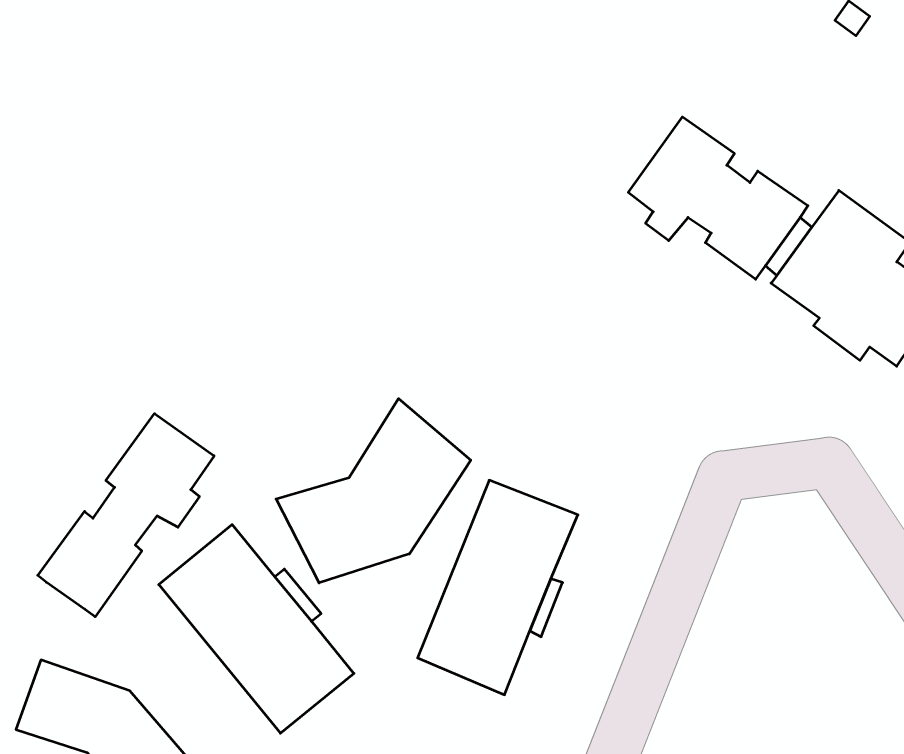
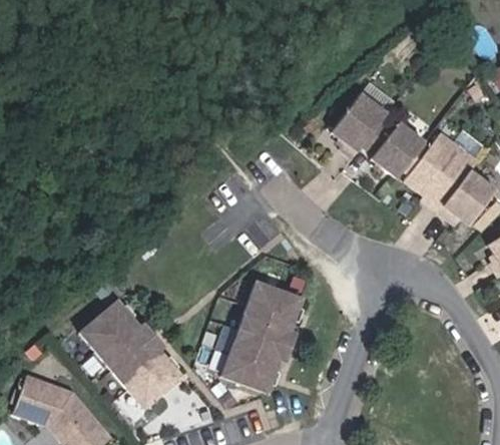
building: [276,399,471,583] -> none
building: [38,414,214,617] -> none

